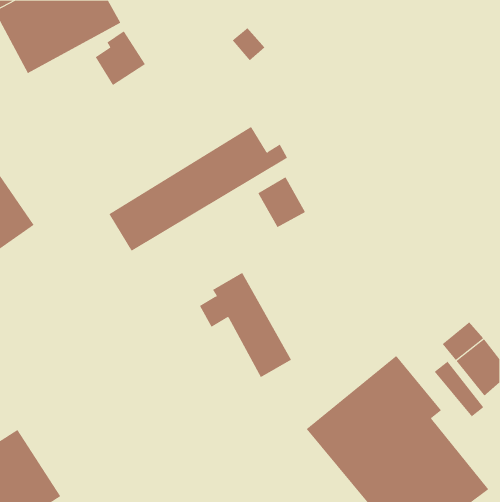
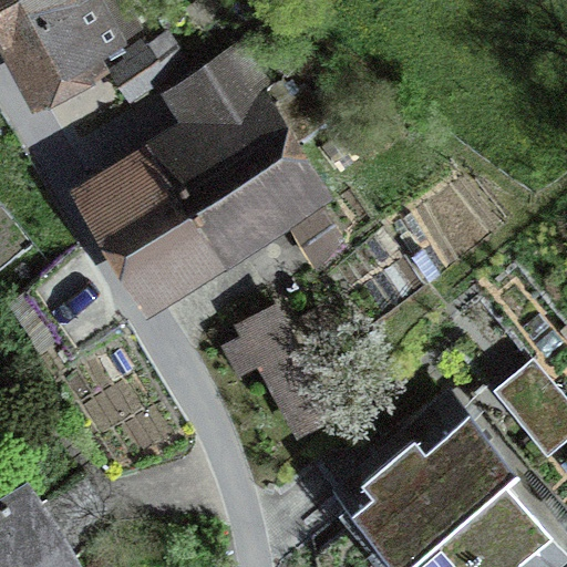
building: none -> [92,50,322,243]

